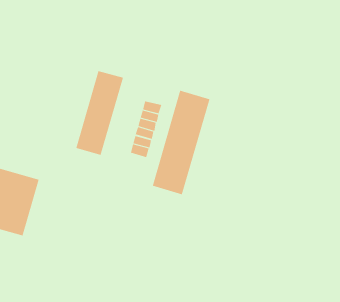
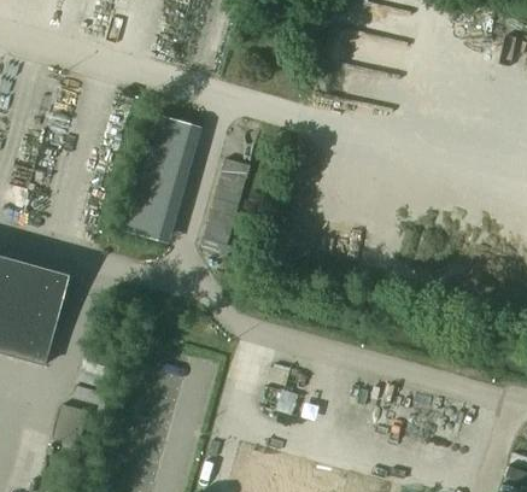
building: [152,90,210,195] -> none

